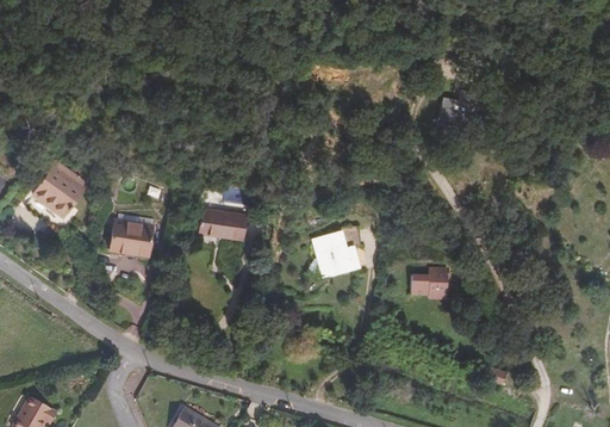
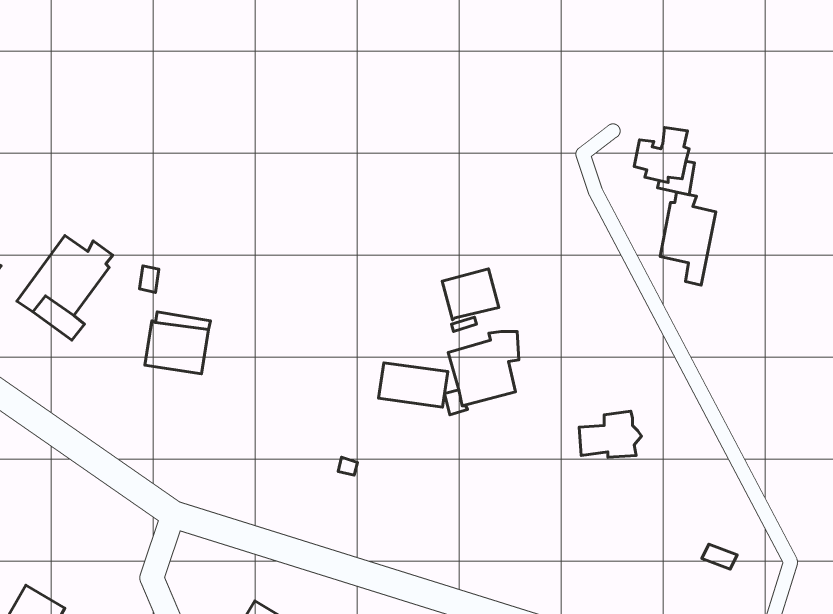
building: none -> [660,192,716,285]
building: none -> [442,269,499,320]
building: [199,209,245,239] -> [379,363,448,407]

